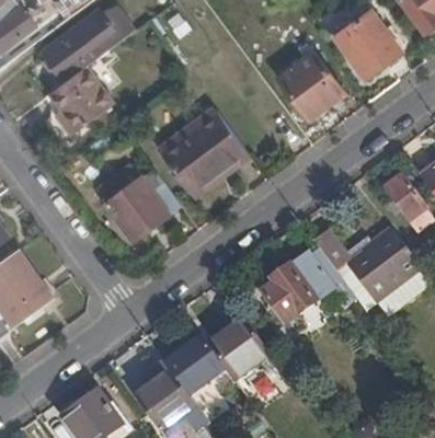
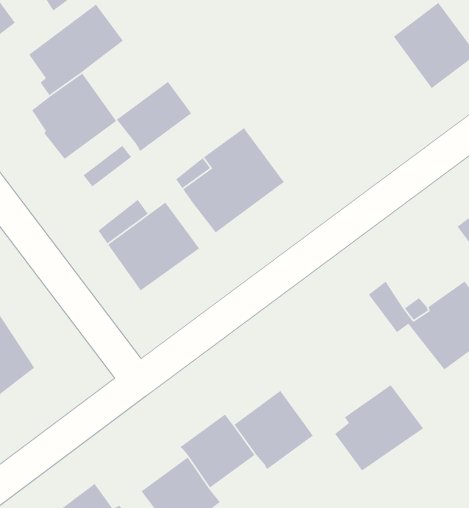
building: [275,51,341,119] -> none
building: none -> [116,81,192,152]
building: [263,253,334,322] -> [334,384,424,471]

